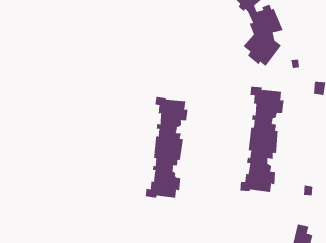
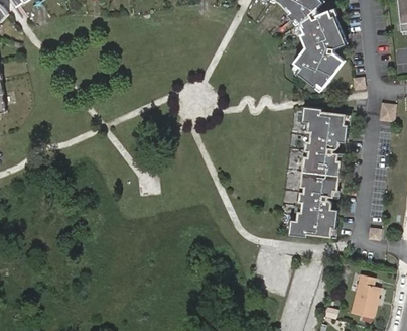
building: [145,96,188,199] -> none

